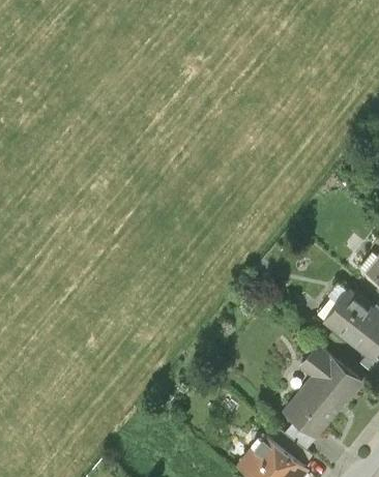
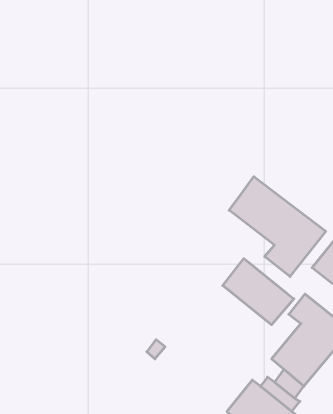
building: none -> [229,177,326,277]
building: none -> [223,259,294,325]

